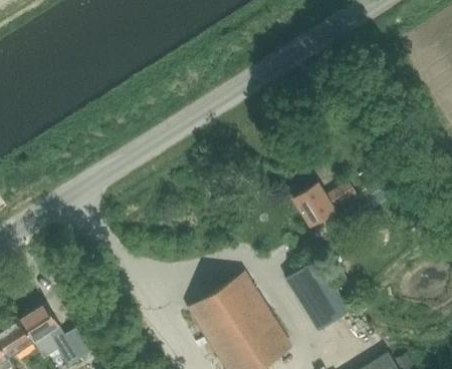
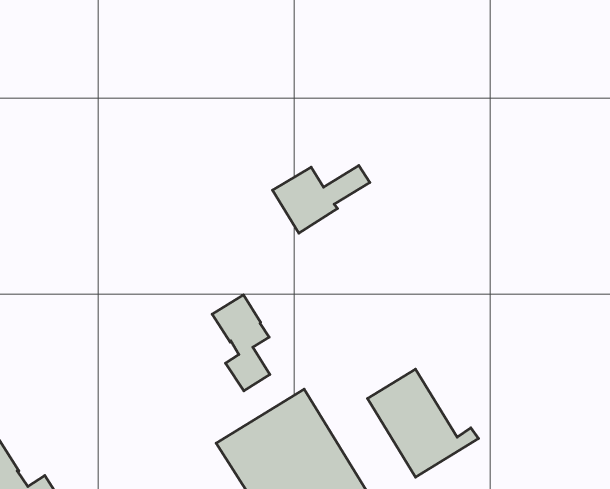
building: [291,181,355,226] -> [273,165,370,233]
building: none -> [212,295,270,391]

